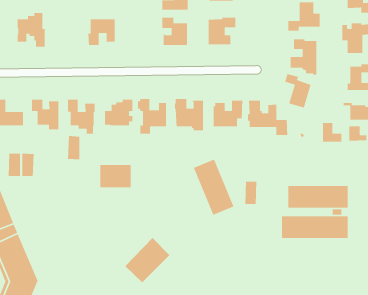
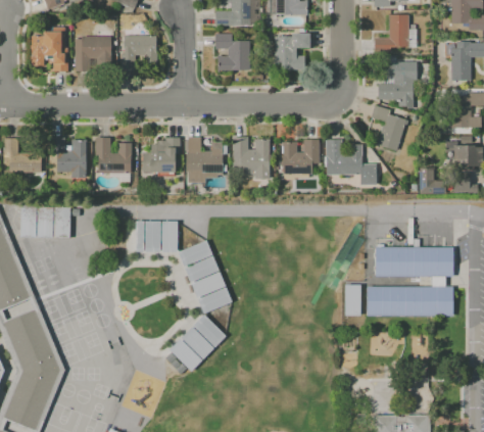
building: none -> [76,37,112,71]
building: [67,135,80,160] -> [54,206,70,238]
building: [193,159,235,216] -> [179,241,232,314]
building: [244,181,257,205] -> [345,285,361,316]

